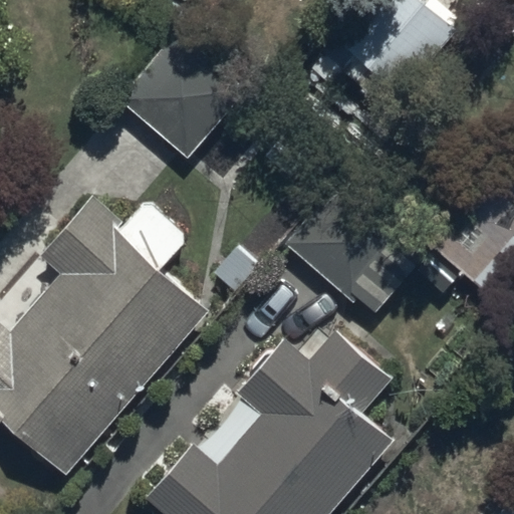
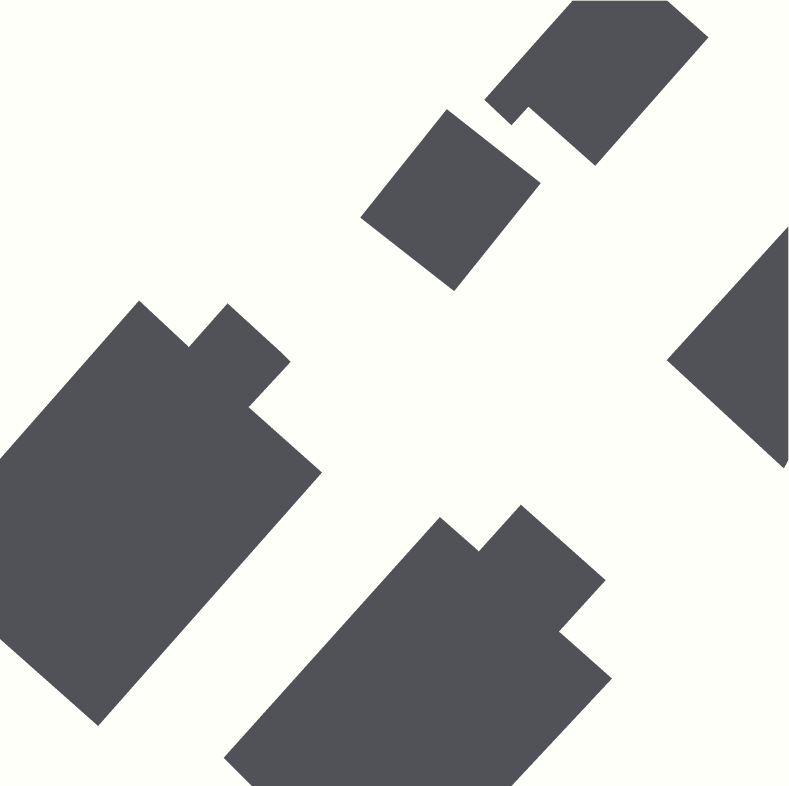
building: [126,42,244,161] -> [359,108,542,292]
building: [283,178,428,315] -> none

